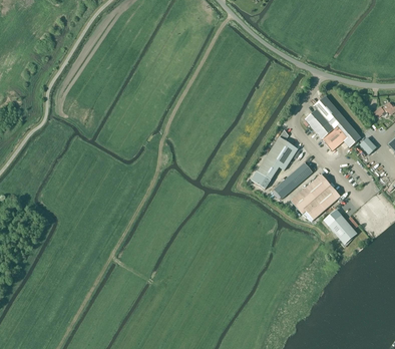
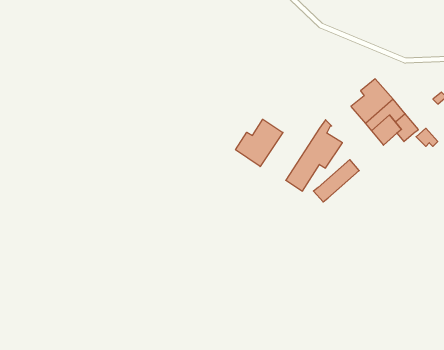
building: none -> [236,119,283,167]
building: [290,173,340,220] -> none
building: [329,215,356,242] -> none

